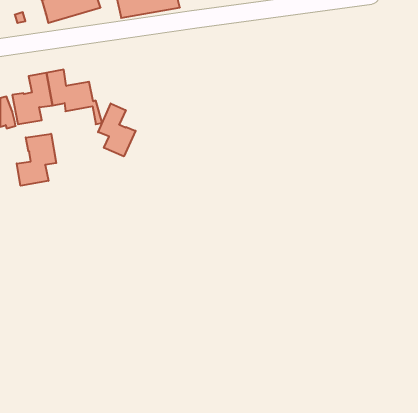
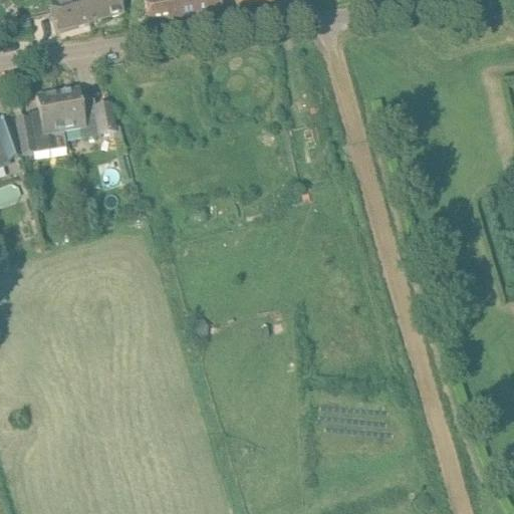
building: [98,103,136,156] -> none
building: [17,134,56,186] -> none

